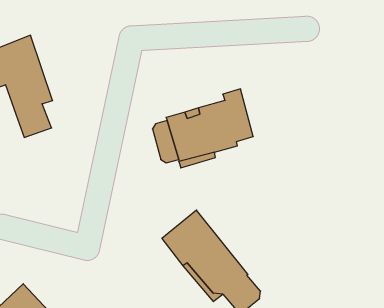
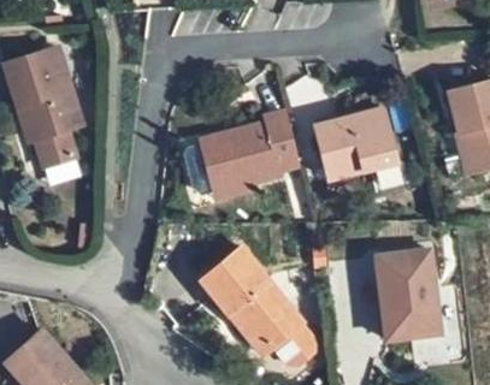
building: none -> [319,107,402,178]
building: none -> [366,248,429,337]

